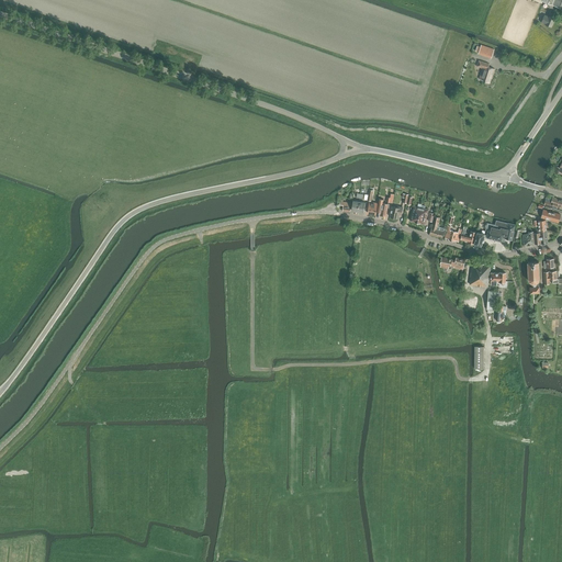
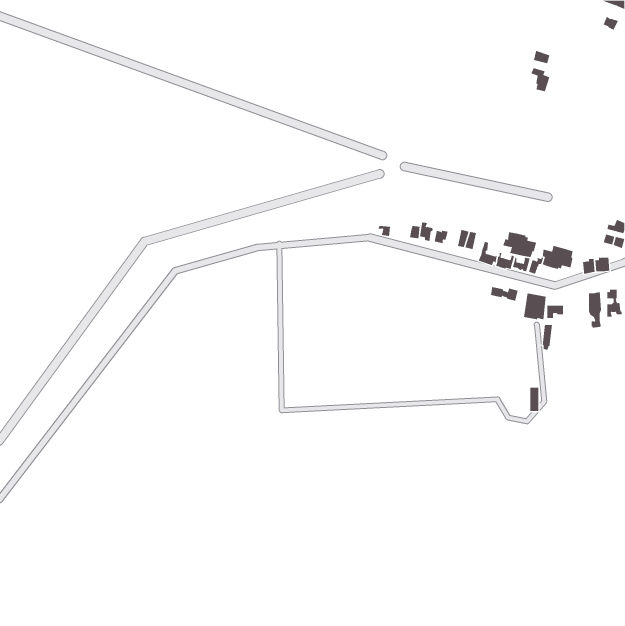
building: none -> [503,232,537,258]

